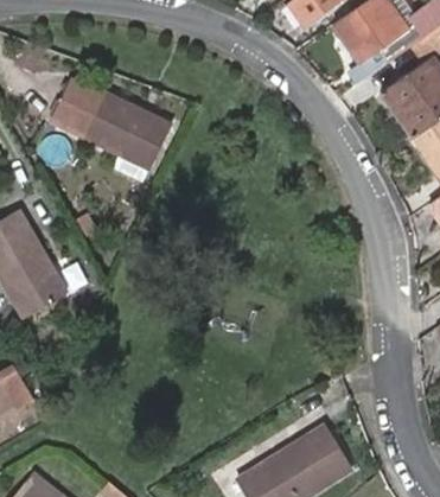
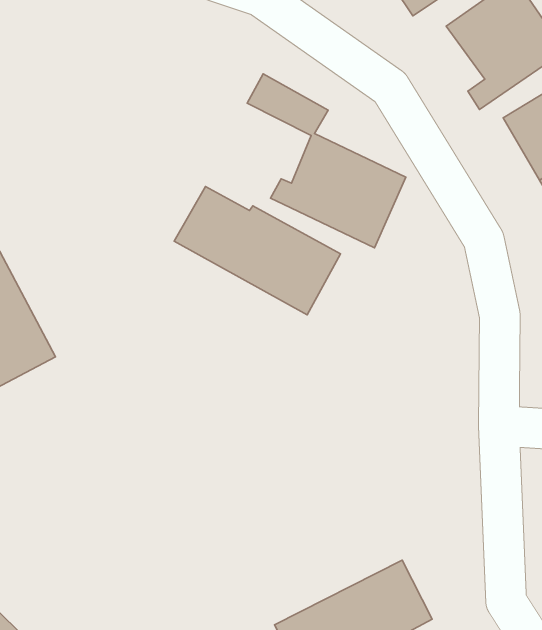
building: none -> [247,74,406,248]
building: [51,83,173,172] -> [174,186,341,315]

